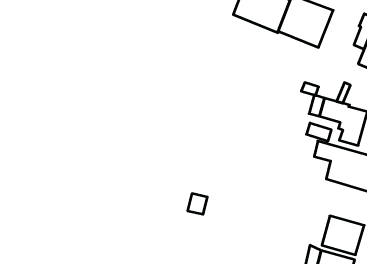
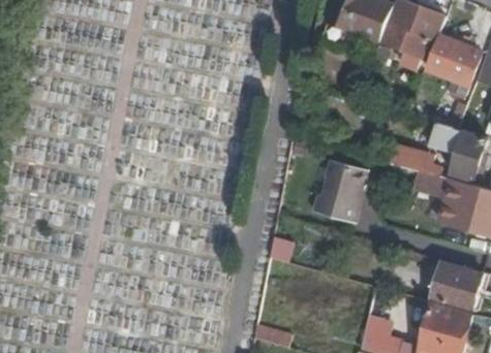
building: none -> [427,36,474,99]
building: none -> [312,162,365,222]

